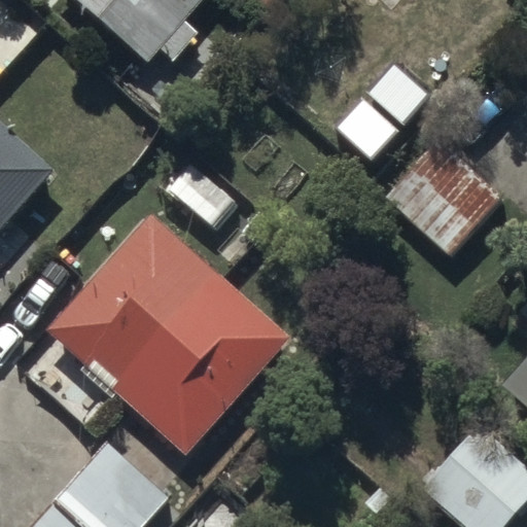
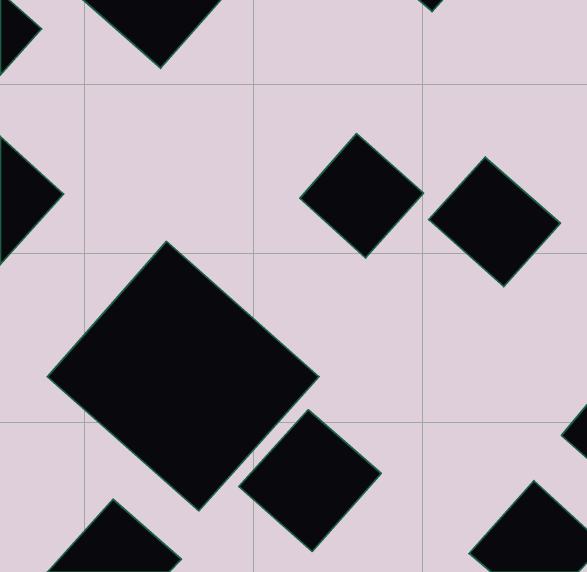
building: none -> [300,134,423,258]
building: none -> [239,410,381,551]

